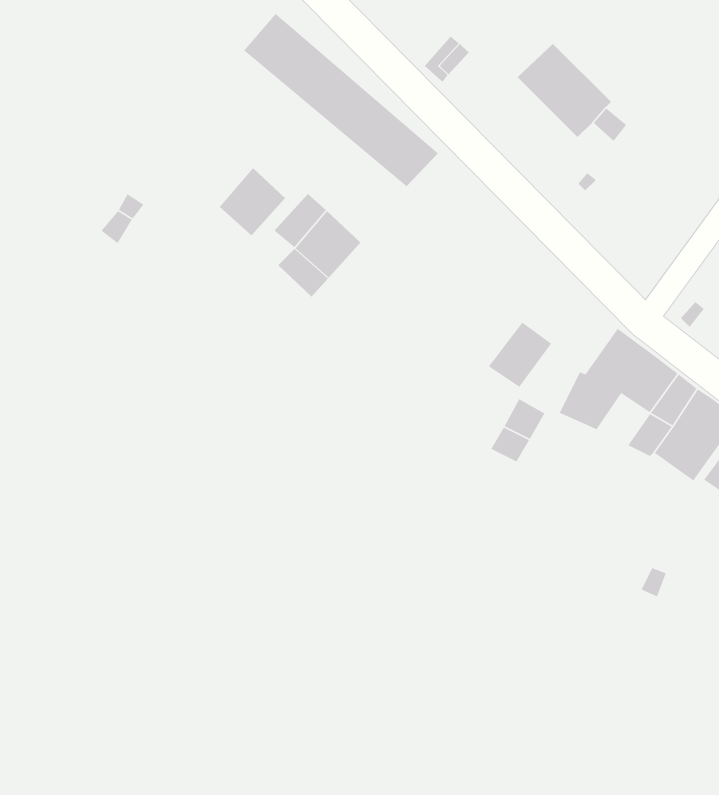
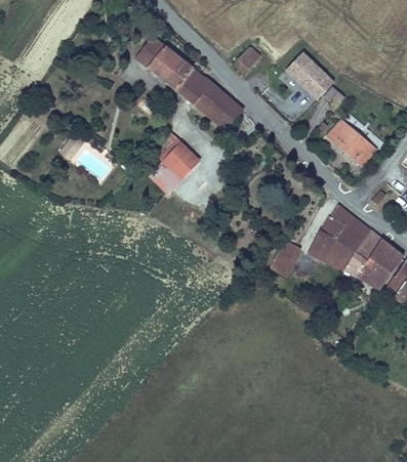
building: none -> [325,118,374,164]
building: [219,167,286,236] -> none
building: [488,321,552,388] -> none
building: none -> [327,242,356,269]

